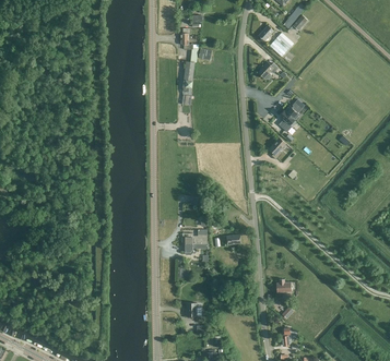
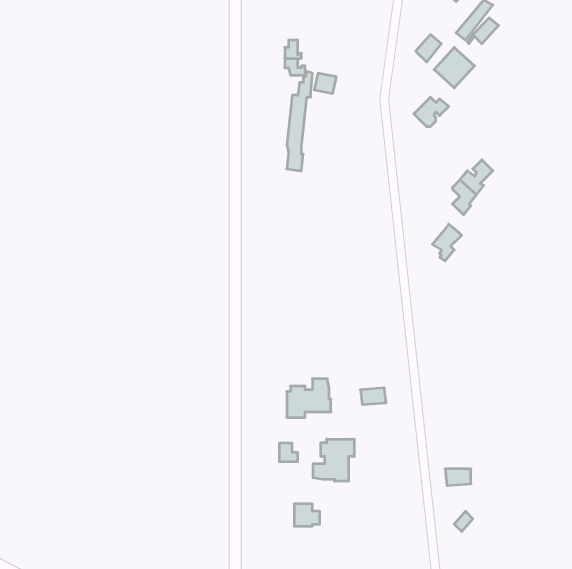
building: none -> [313,439,354,481]

